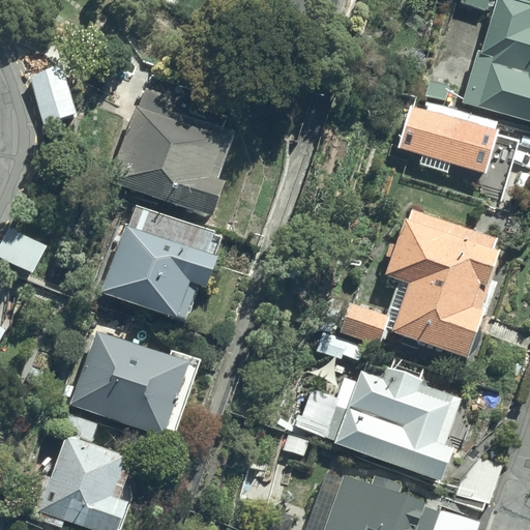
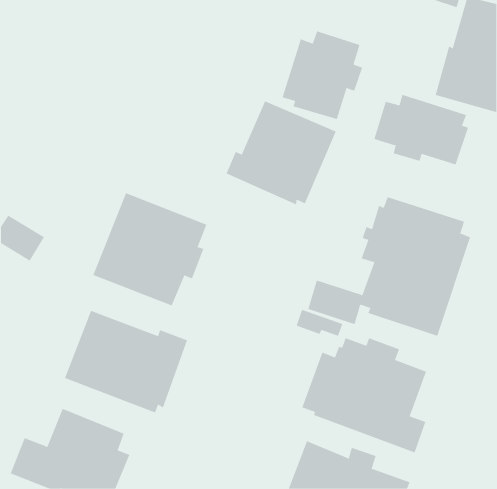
building: none -> [282,31,363,120]
building: [29,65,84,132] -> none
building: [106,84,238,227] -> none
building: none -> [226,101,336,205]

